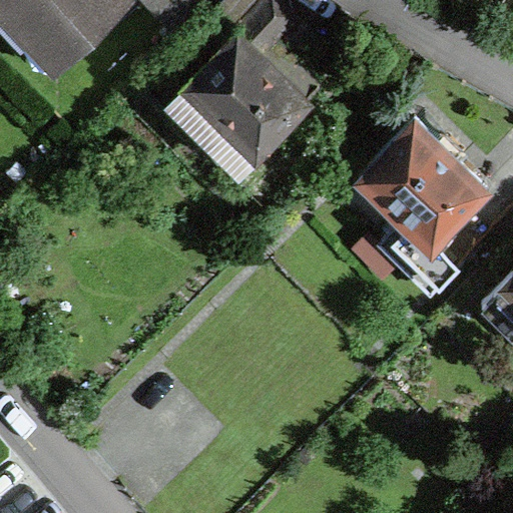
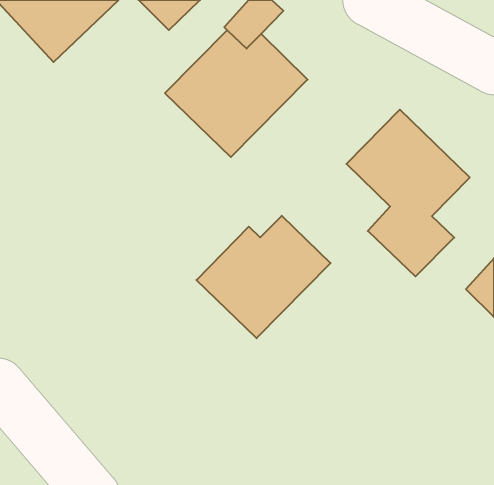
building: none -> [196,216,331,338]

